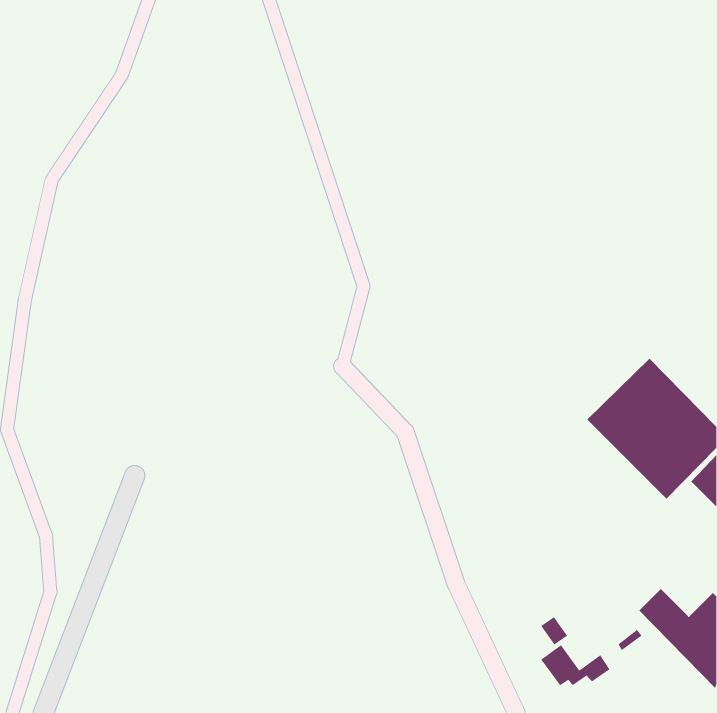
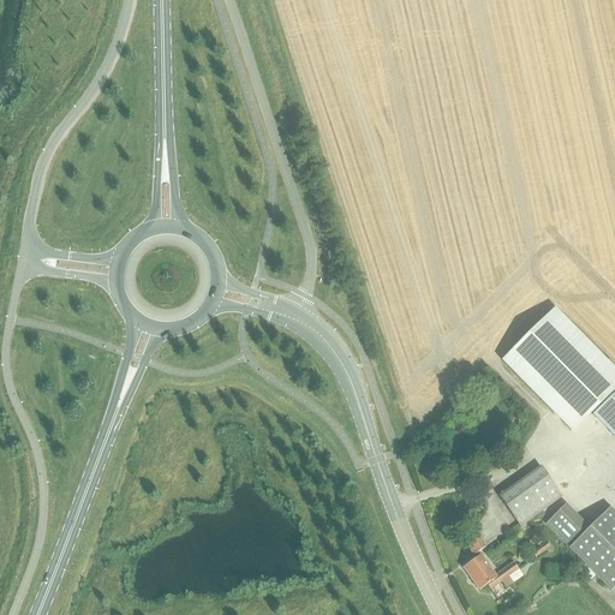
building: none -> [500,464,562,523]

